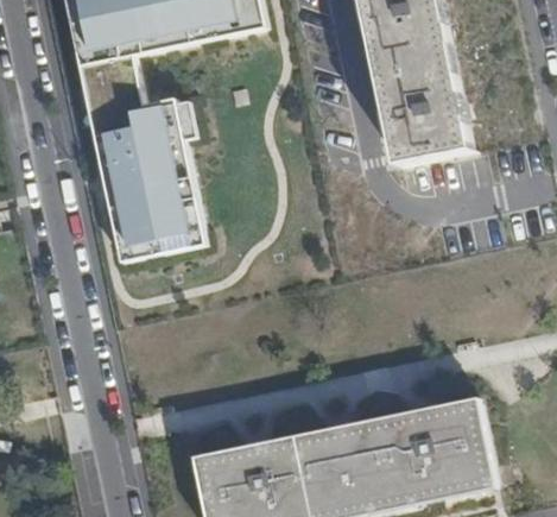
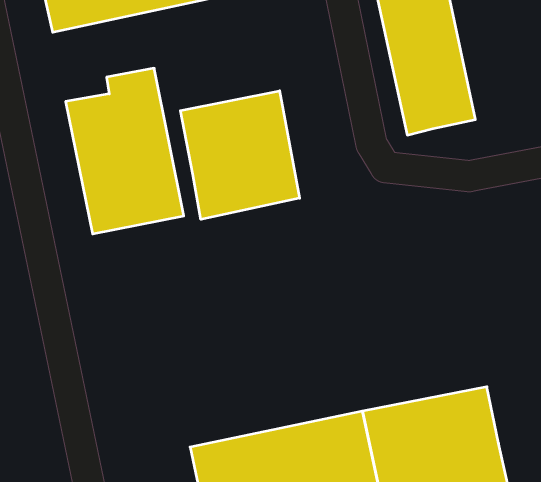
building: none -> [180,91,300,219]

